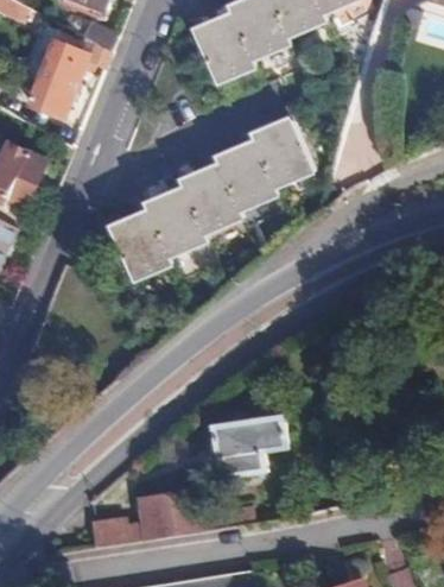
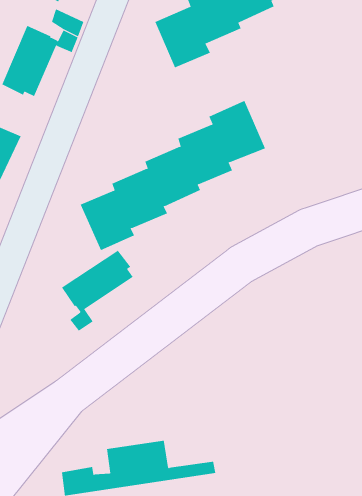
building: none -> [61,250,133,332]
building: [216,415,291,480] -> none

